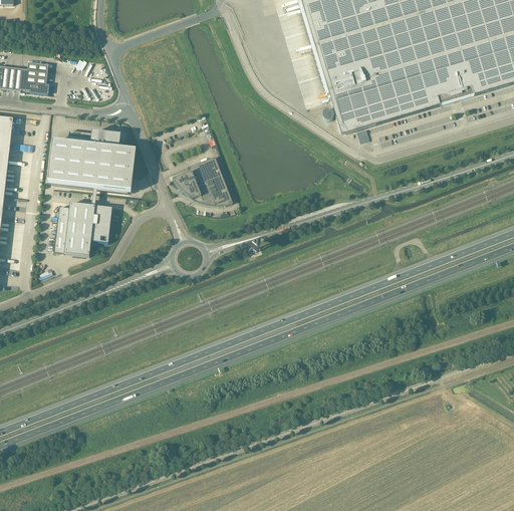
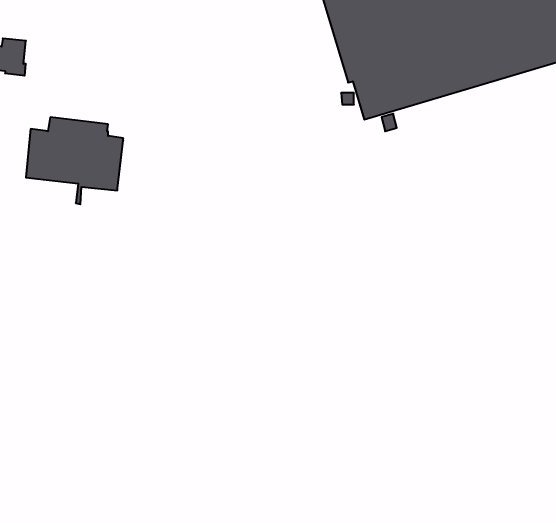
building: [173,156,233,204] -> none
building: [54,202,112,255] -> none

